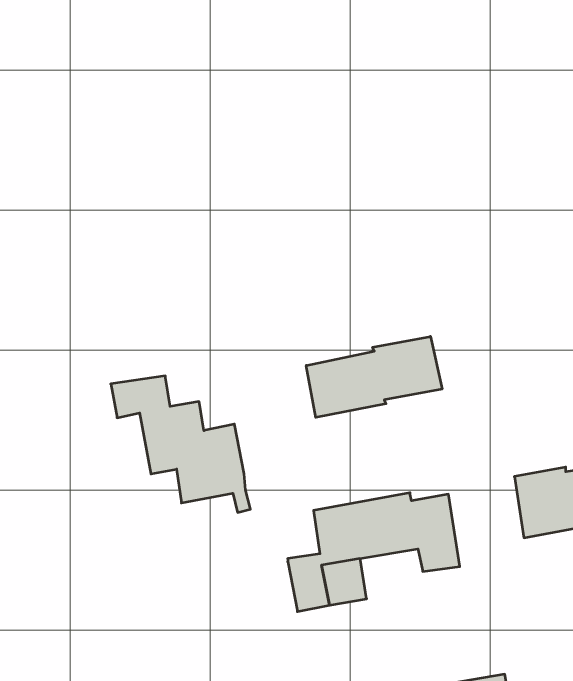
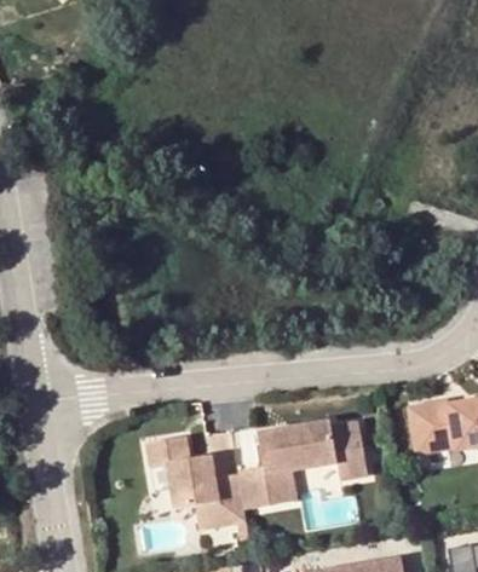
building: [306,336,442,417] -> none
building: [111,376,250,512] -> [145,435,250,538]

